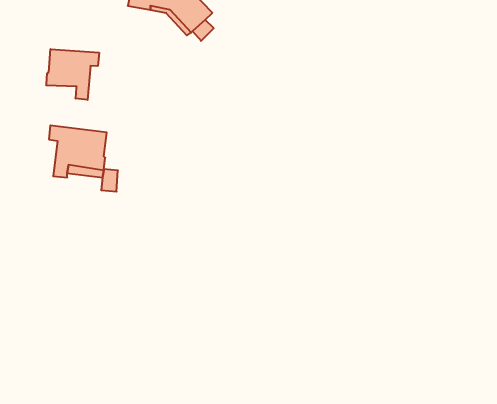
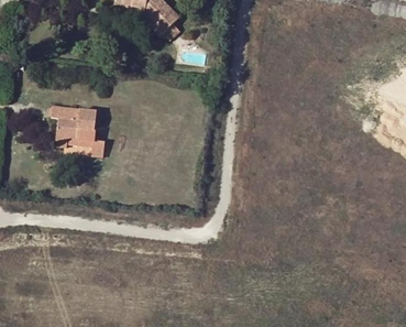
building: [46,49,99,100] -> none

